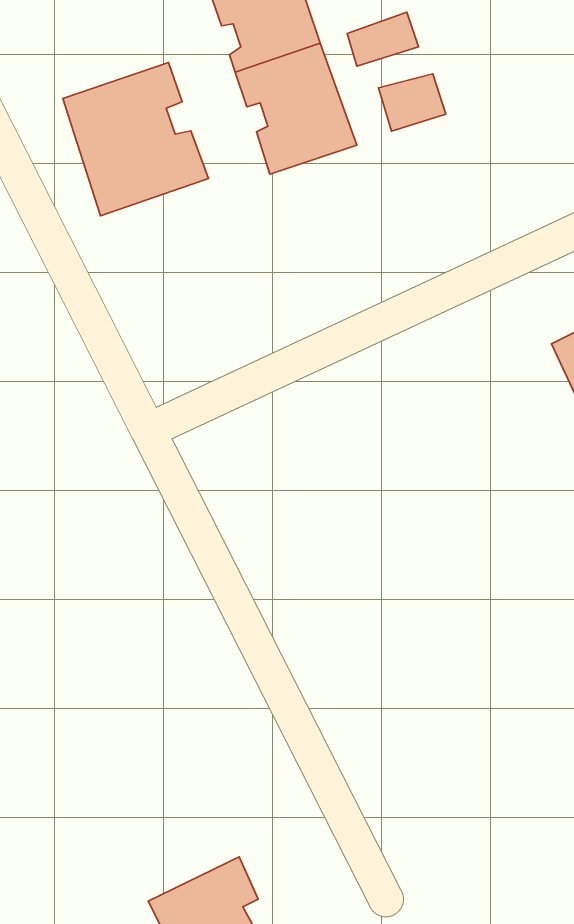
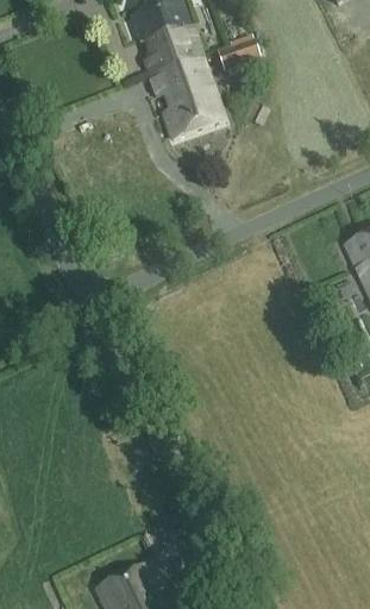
building: [63,62,208,216] -> none
building: [379,74,446,131] -> none

